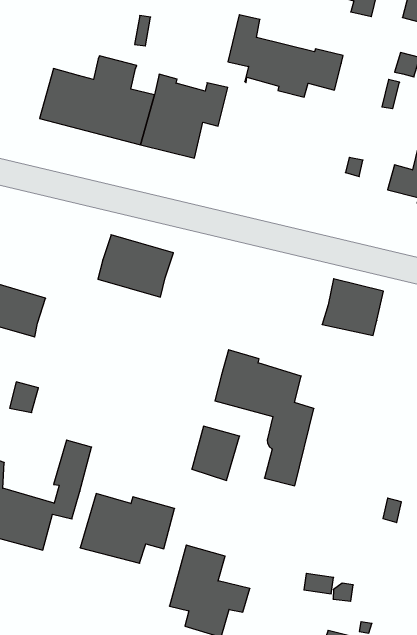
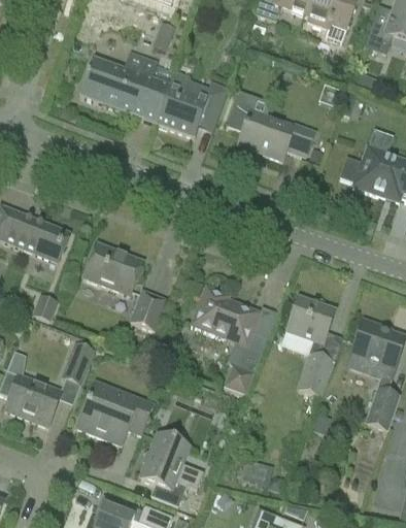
building: [228,15,343,97] -> [227,91,315,159]
building: [98,235,173,297] -> [83,242,143,294]
building: [322,279,383,335] -> [285,296,335,342]
building: none -> [298,352,332,395]
building: [192,426,240,480] -> [130,289,169,332]

